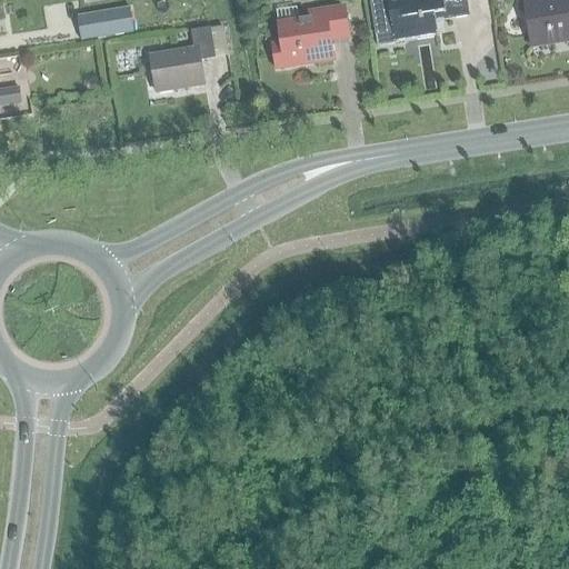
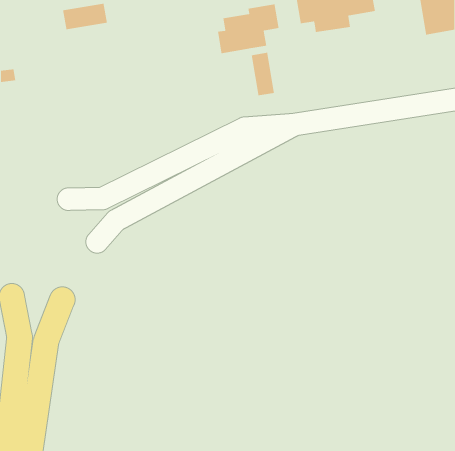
building: [149,27,214,91] -> none
building: none -> [251,52,275,96]

